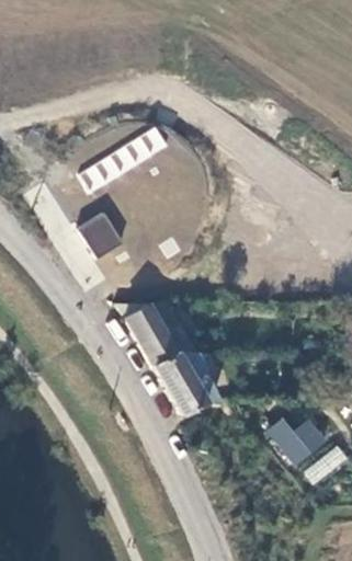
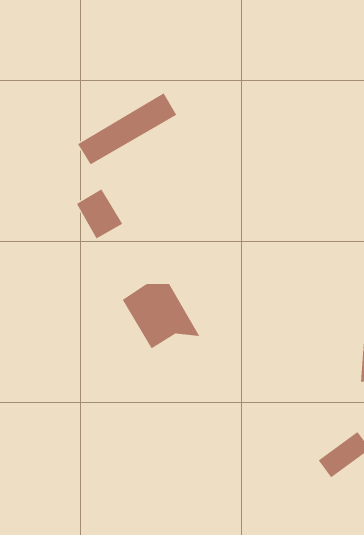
building: [146,352,219,415] -> none
building: [268,417,329,465] -> none

